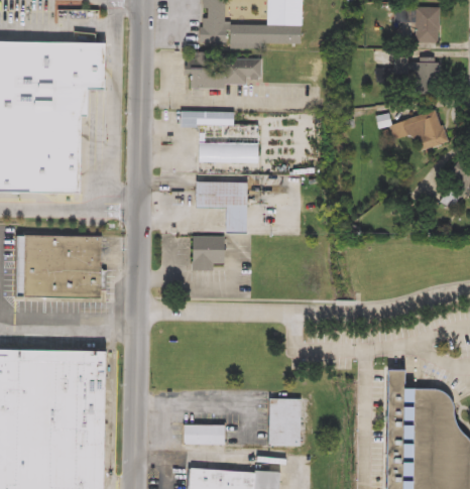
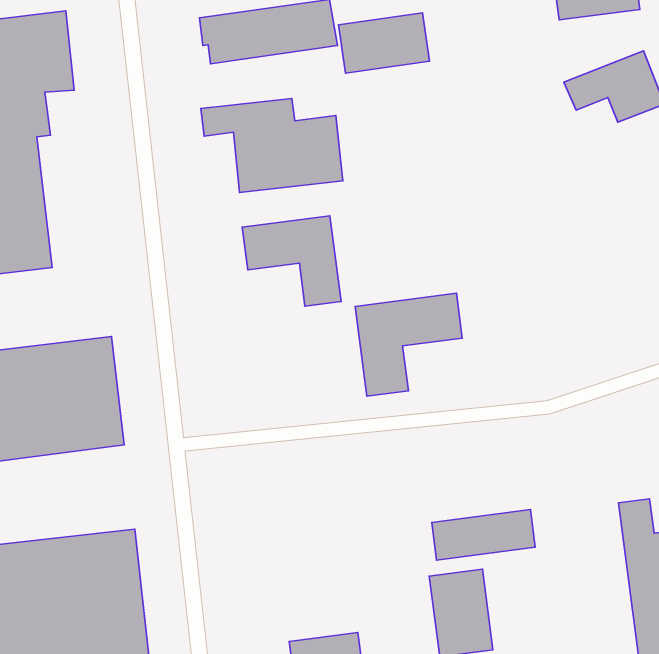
building: none -> [339,13,429,73]
building: [188,236,222,270] -> none
building: none -> [355,293,462,396]
building: none -> [432,510,535,560]

